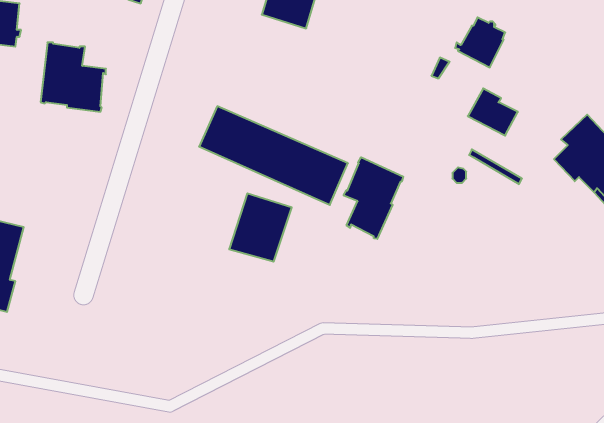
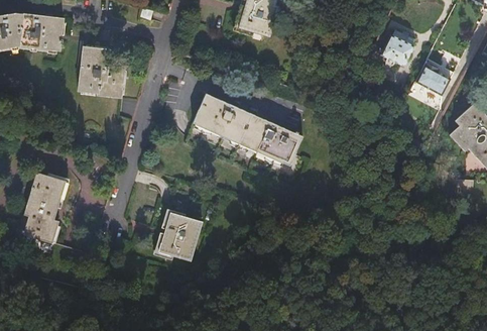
building: [468,88,518,136] -> [413,61,450,95]
building: [344,157,403,239] -> none
building: [229,193,292,262] -> [157,212,203,261]

